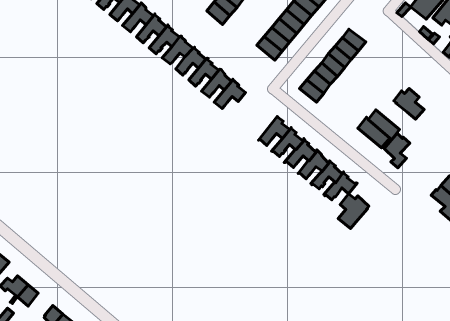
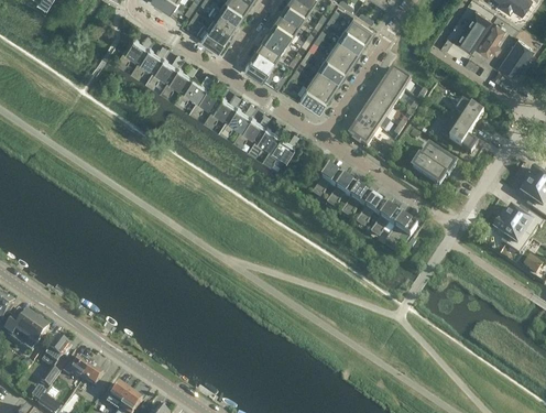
building: none -> [455,98,485,129]
building: [384,133,410,168] -> none
building: [338,194,369,229] -> none

